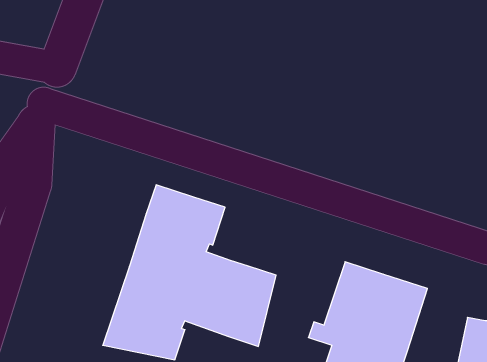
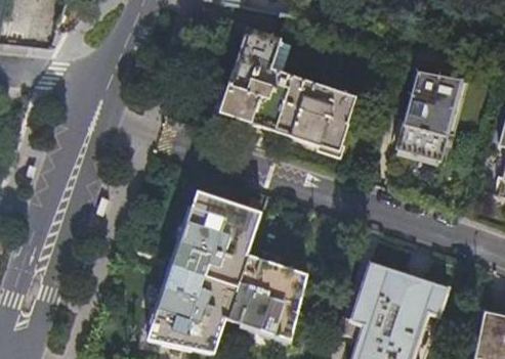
building: none -> [221,29,354,146]
building: none -> [392,66,461,162]

